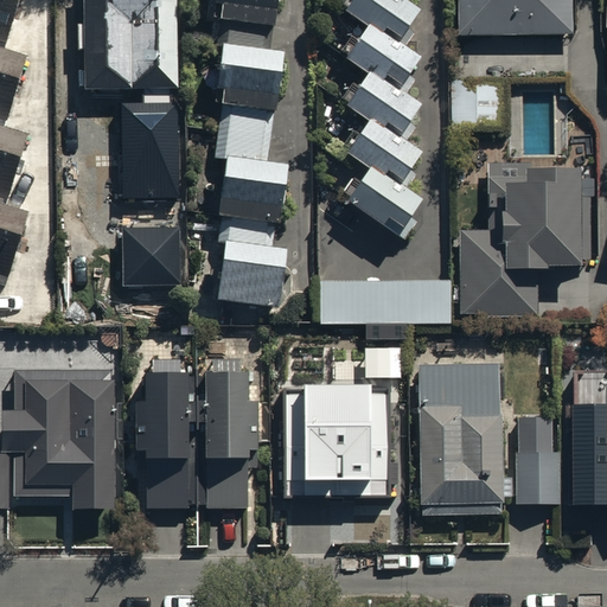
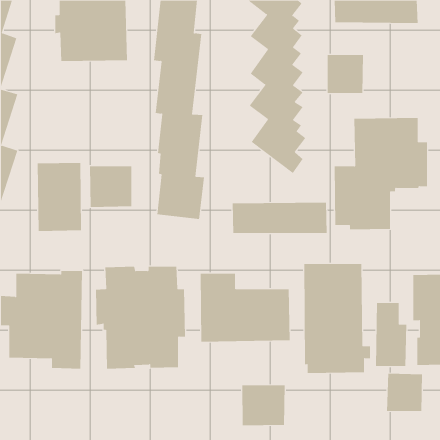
building: [123,104,185,199] -> [37,162,82,232]
building: none -> [387,373,422,412]
building: none -> [242,385,285,426]

